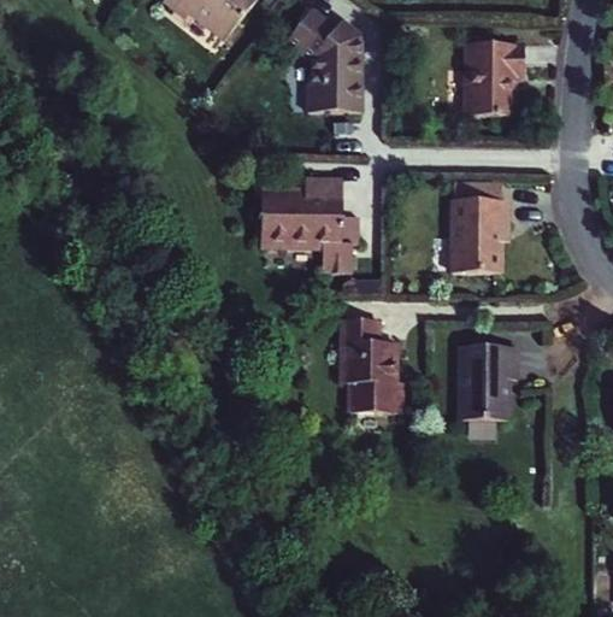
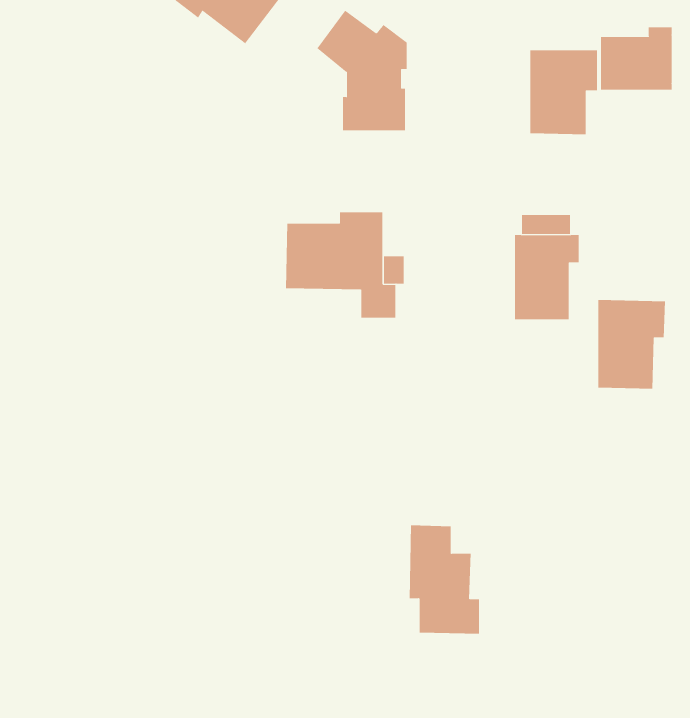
building: none -> [601,27,672,91]
building: [342,319,402,412] -> [409,525,480,634]
building: [461,345,519,421] -> [598,300,666,389]

